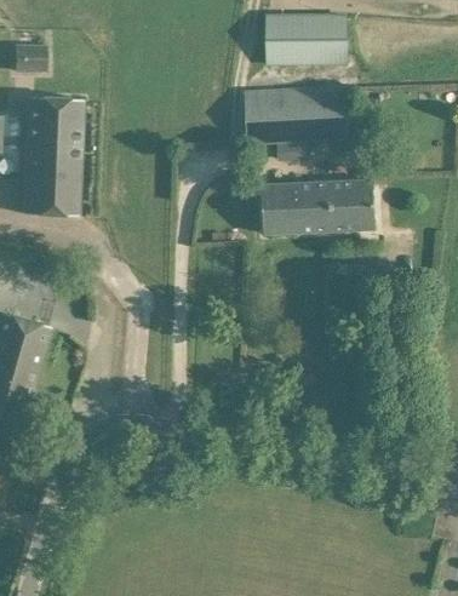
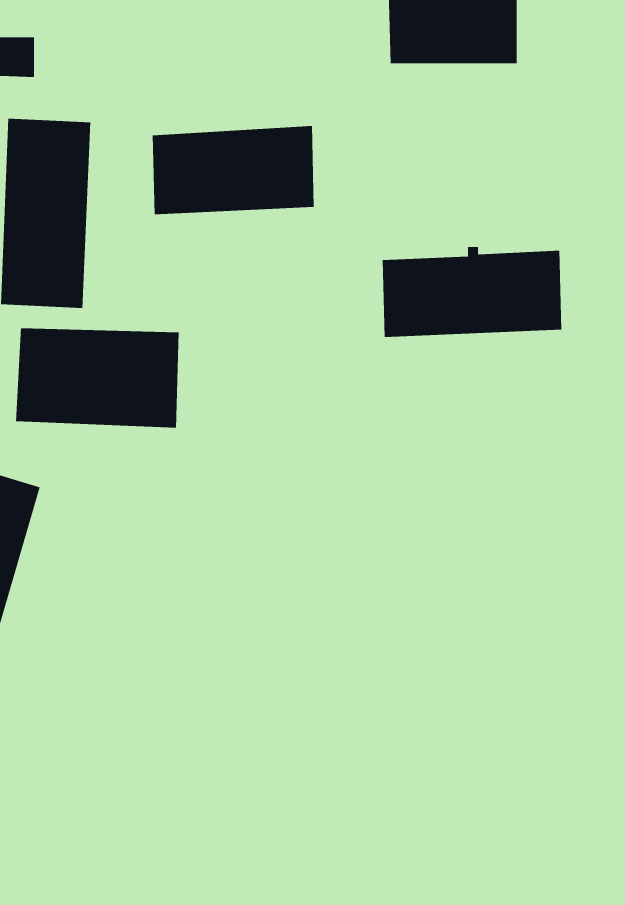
building: [245,86,347,142] -> [152,126,315,215]
building: none -> [15,328,179,428]

